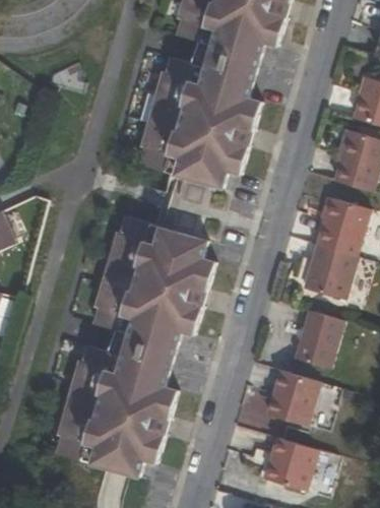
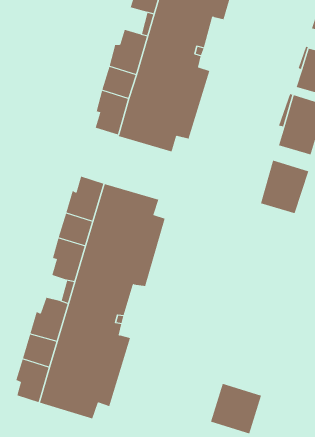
building: [302,245,356,302] -> none
building: [294,310,344,370] -> none
building: [266,370,318,425] -> none

